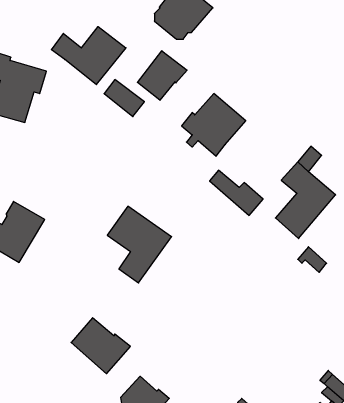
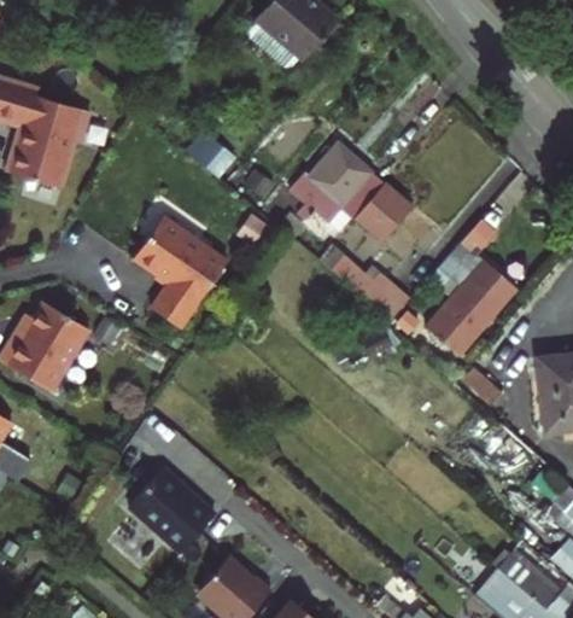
building: [51,27,126,85] -> none
building: [137,51,187,100] -> none
building: none -> [353,182,413,243]
building: [107,206,172,283] -> [135,216,229,328]

